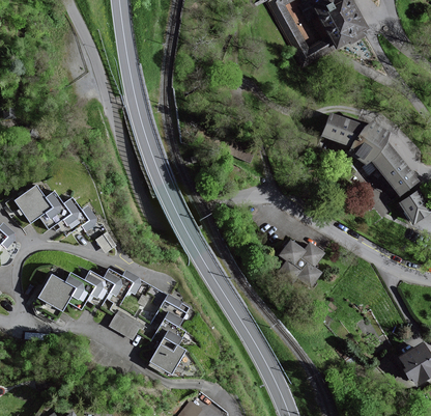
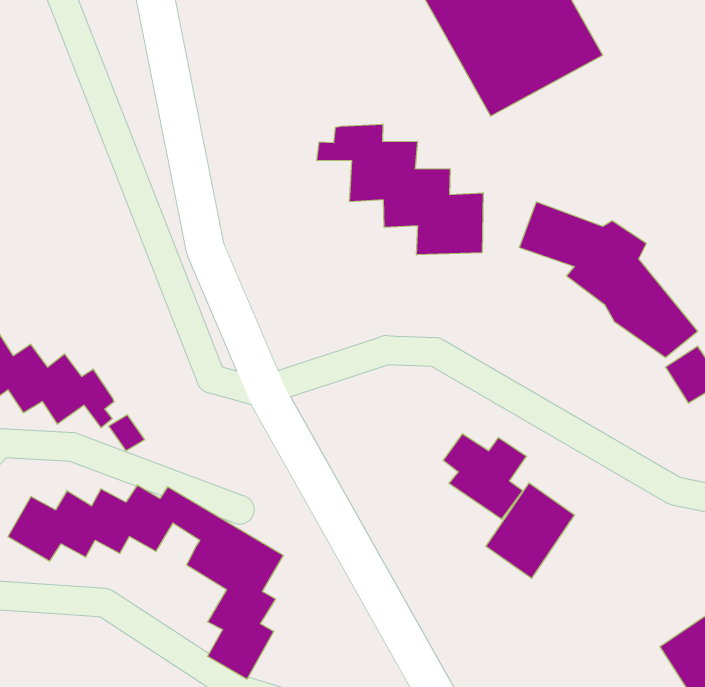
building: none -> [317,124,483,255]
building: none -> [486,483,575,579]
building: [110,308,143,336] -> none

